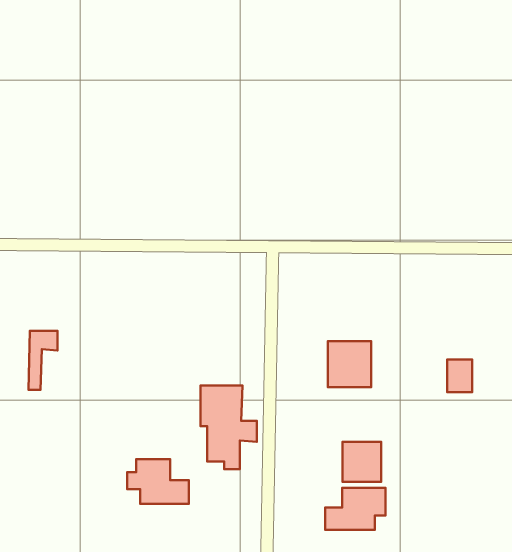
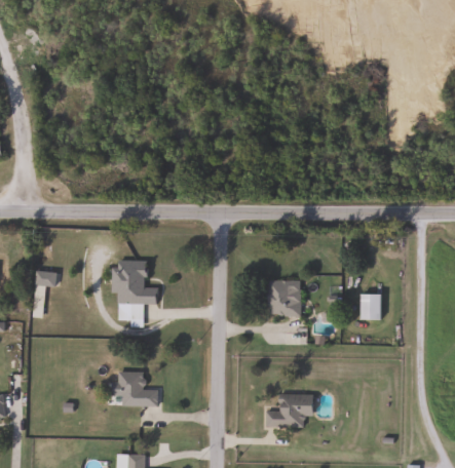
building: [200,385,257,469] -> [113,260,157,325]
building: [342,442,381,482] -> none

